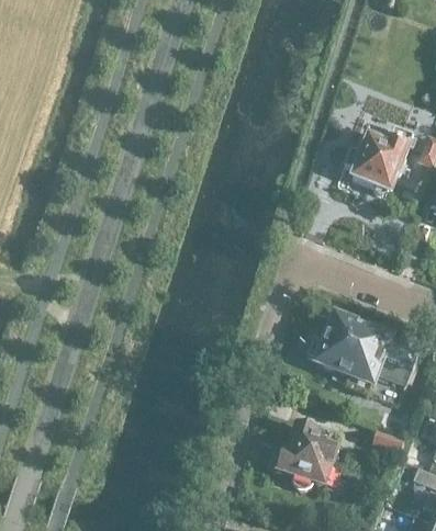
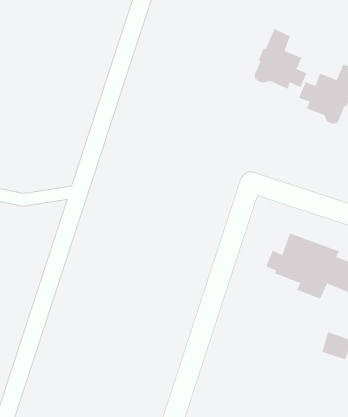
building: none -> [254,28,307,89]
building: [276,422,340,487] -> none

